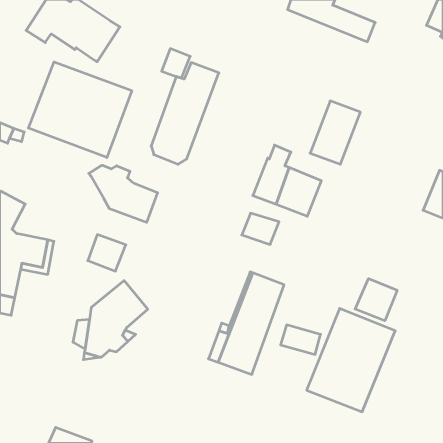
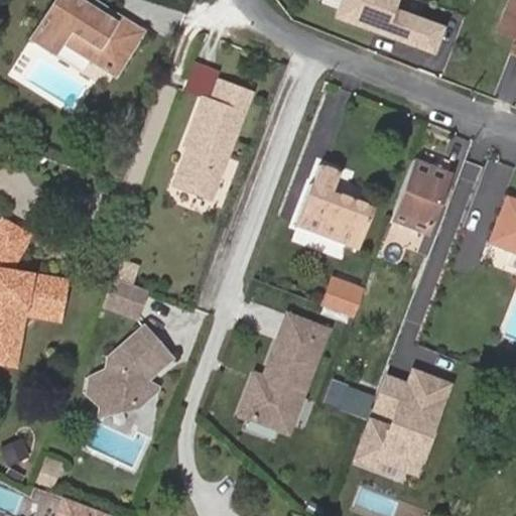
building: [28,62,132,158] -> none
building: [310,101,360,164] -> [393,158,452,232]
building: [89,165,158,222] -> none
building: [242,213,279,244] -> [321,282,365,318]
building: [355,279,397,321] -> none

